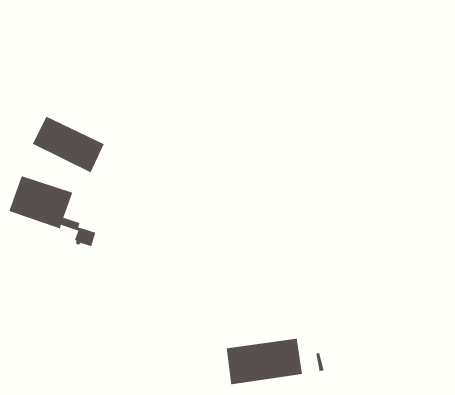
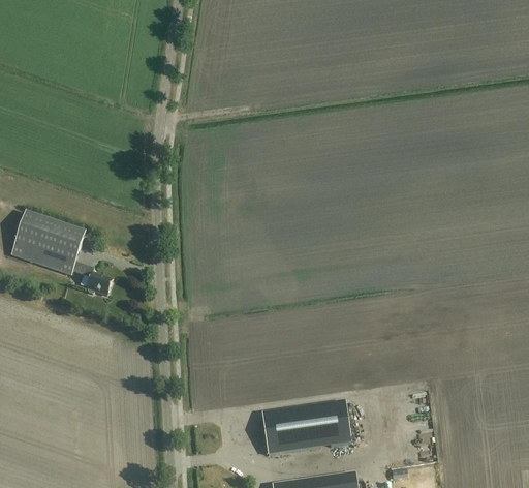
building: [32,116,104,173] -> none

